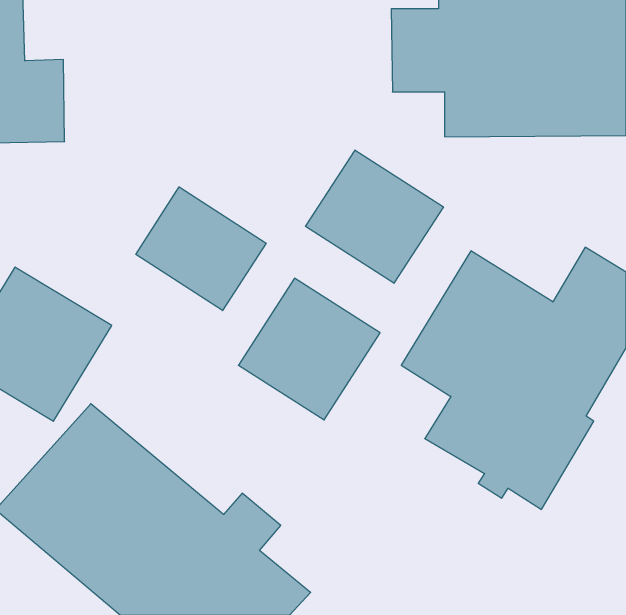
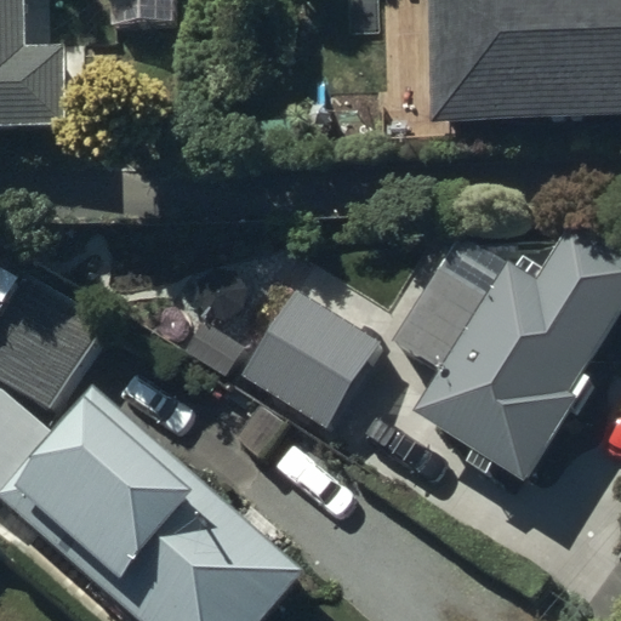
building: [306,150,443,283] -> none
building: [136,187,266,311] -> none

